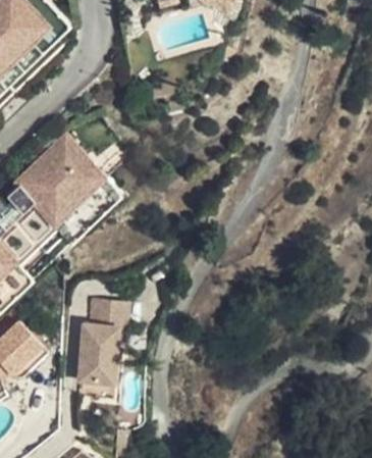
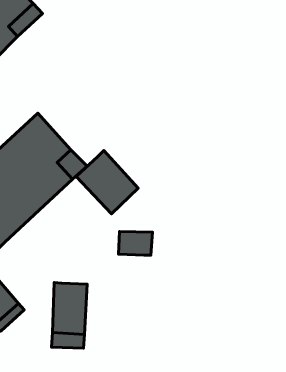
building: none -> [76,150,138,214]
building: [89,299,126,325] -> [119,231,153,255]

